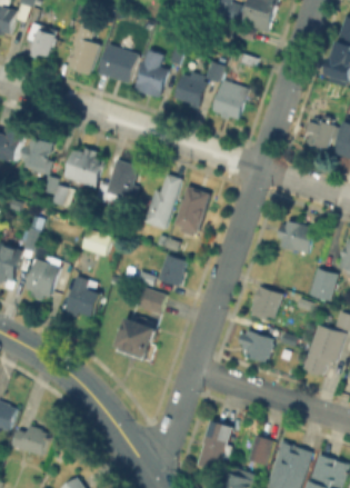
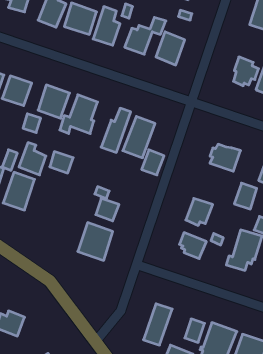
building: [159,256,187,287] -> [142,150,164,175]
building: [67,277,100,317] -> [19,143,46,175]

